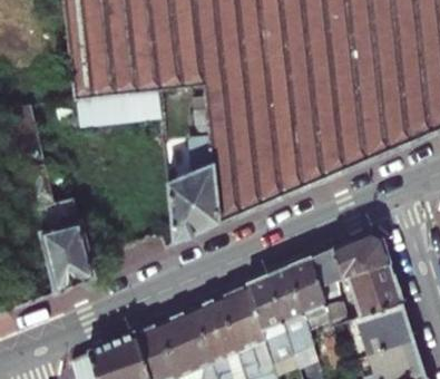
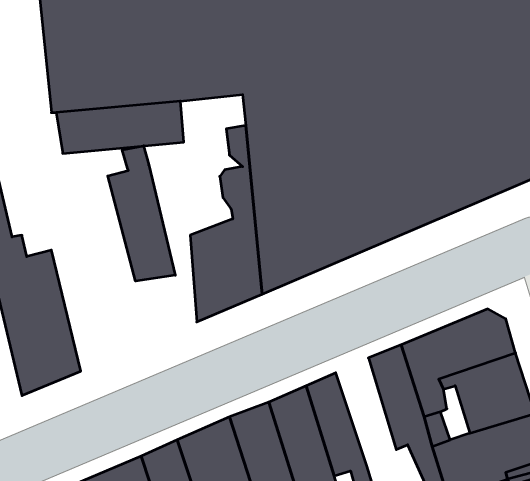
building: none -> [108,146,175,281]
building: [267,266,313,343] -> none

